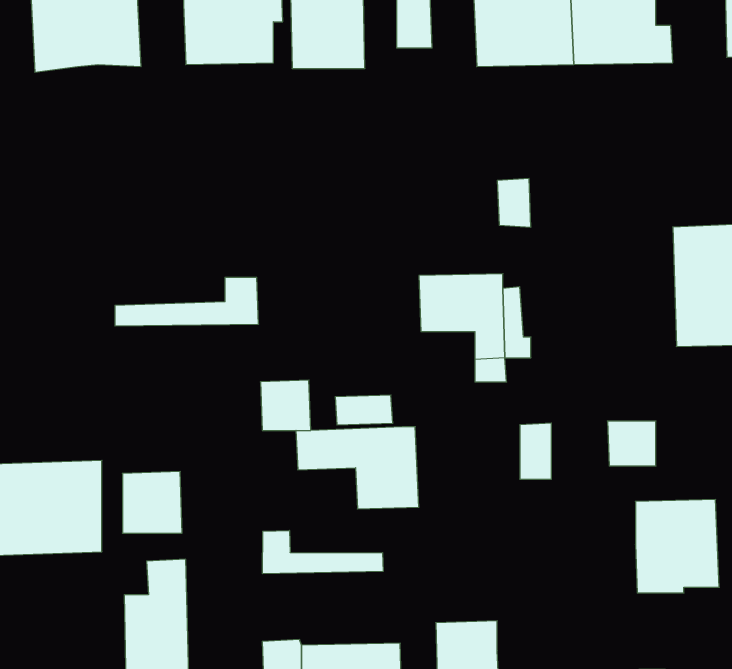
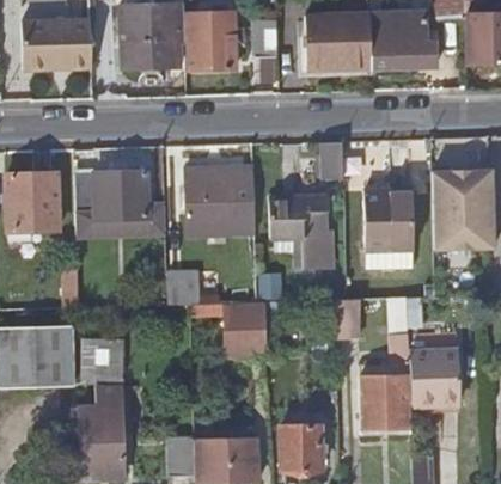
building: none -> [185,166,257,231]
building: none -> [74,171,146,222]
building: none -> [7,174,59,232]
building: none -> [365,190,415,269]
building: [263,530,383,574] -> none
building: none -> [356,375,410,425]

